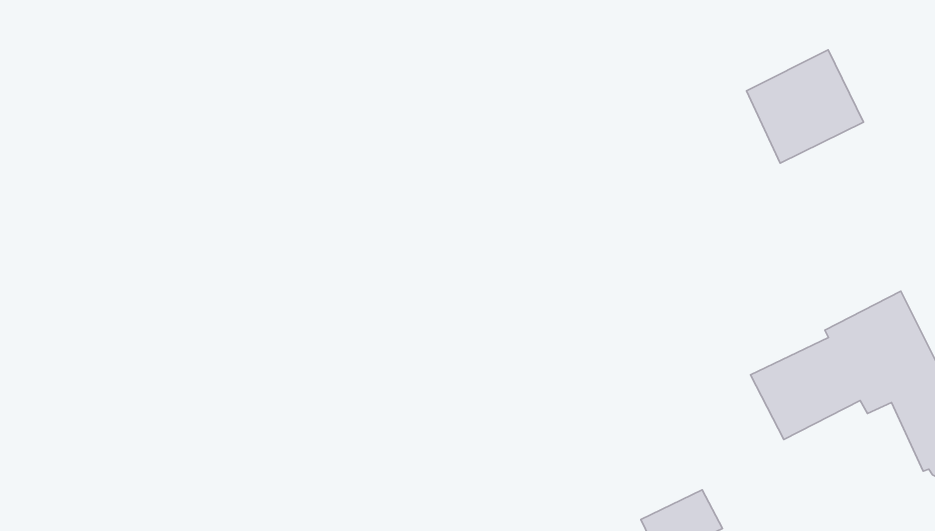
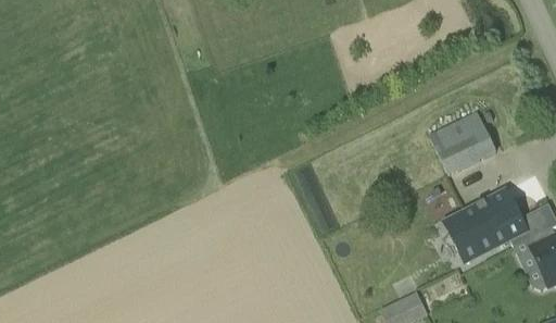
building: [747,50,864,163] -> [429,112,497,178]

